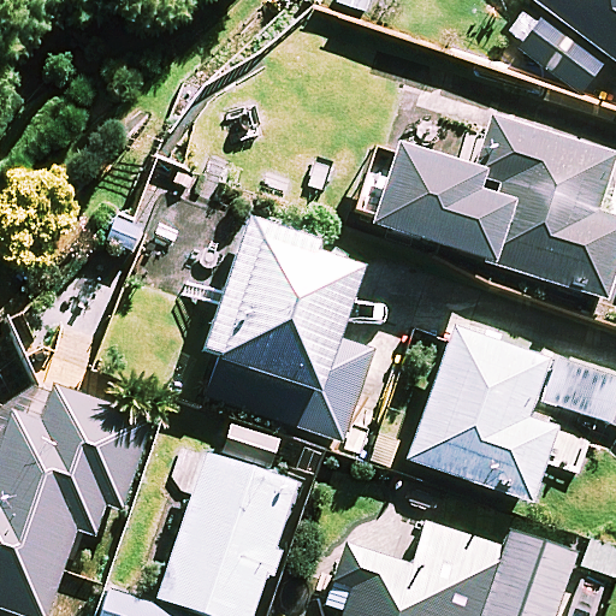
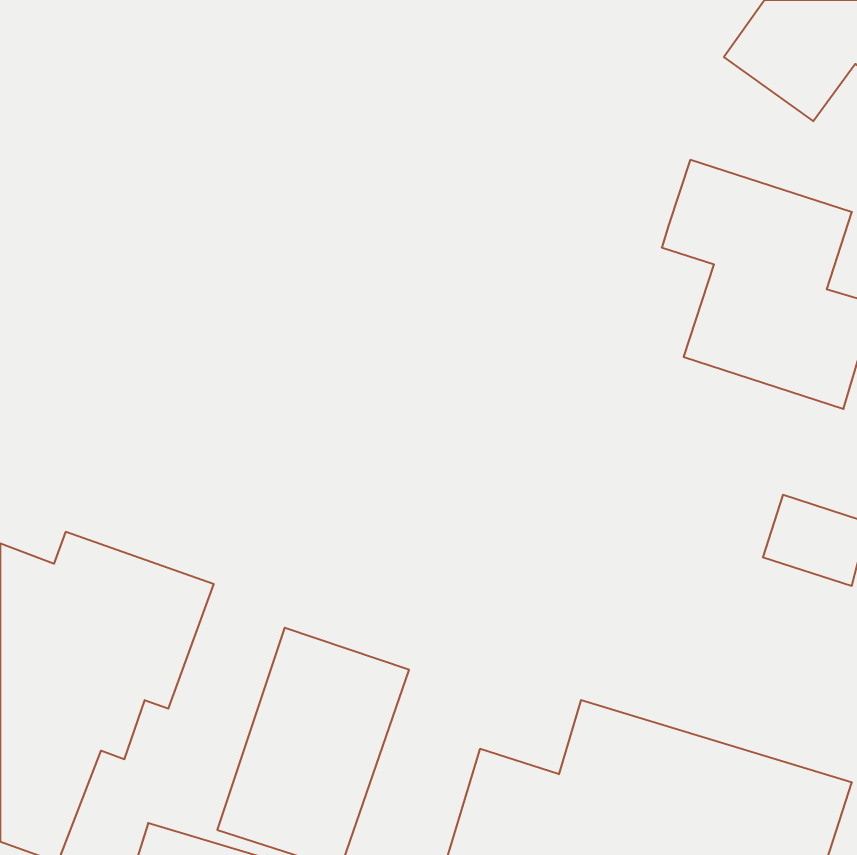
building: [371,138,513,259] -> none
building: [206,215,373,442] -> none
building: [410,328,593,499] -> none

